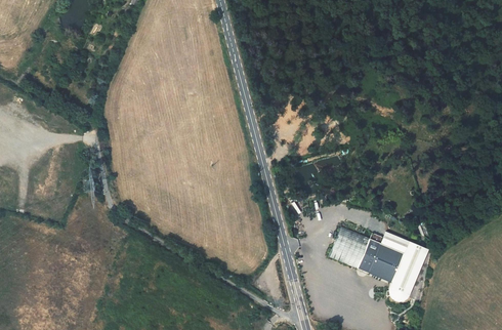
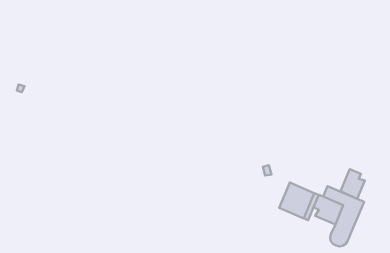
building: none -> [340,169,365,199]

